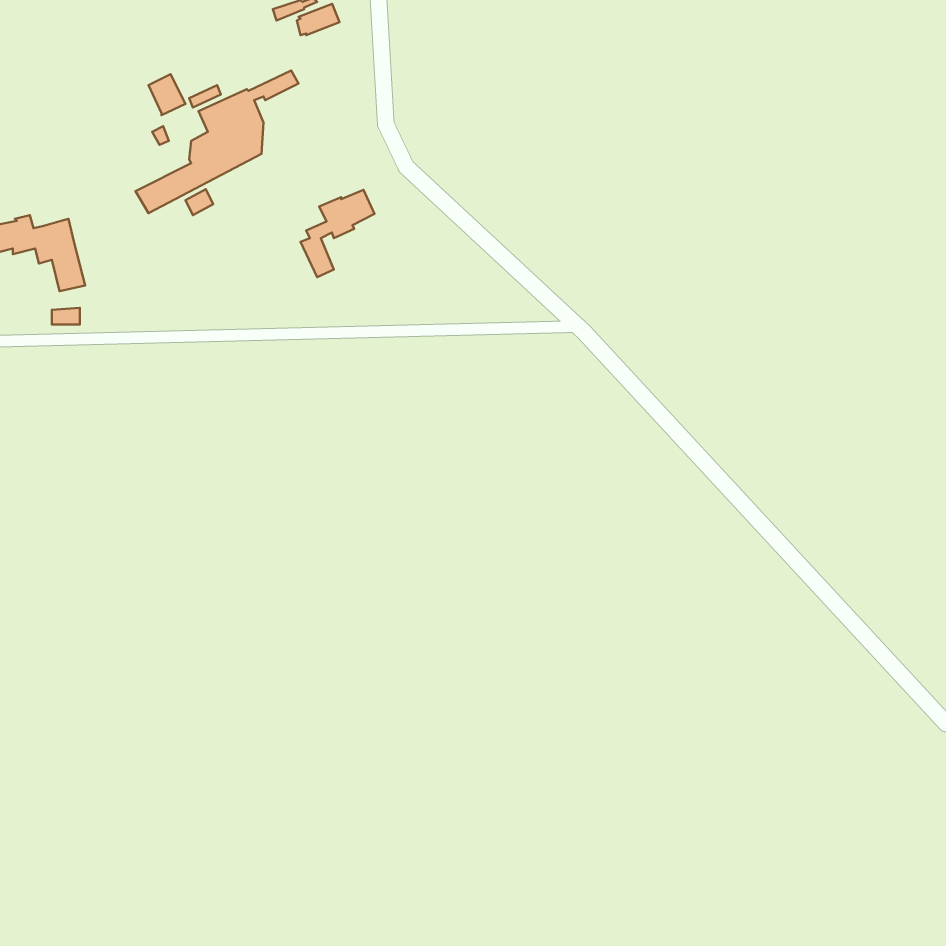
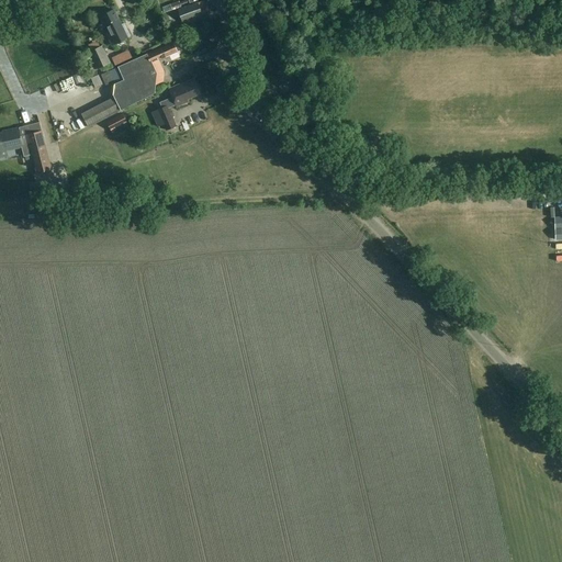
building: none -> [99,9,130,45]
building: [300,190,375,277] -> [156,78,200,130]

